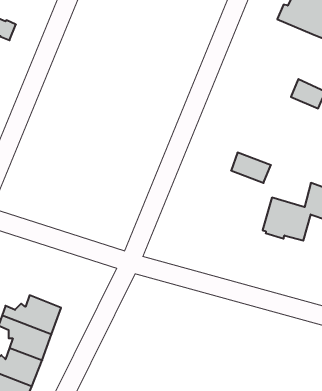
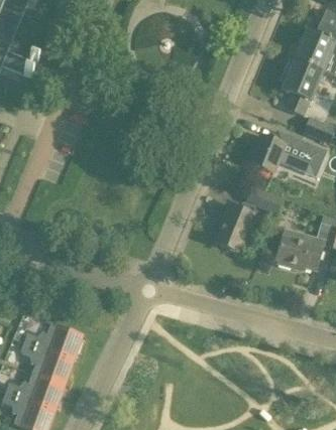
building: none -> [281,57,322,115]
building: none -> [244,128,326,172]
building: none -> [214,203,254,251]

